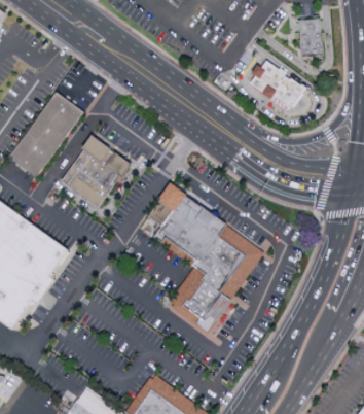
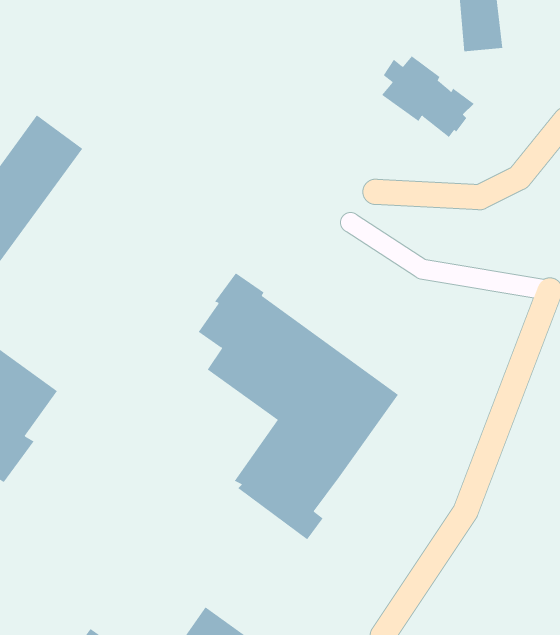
building: [62,136,130,207] -> none

